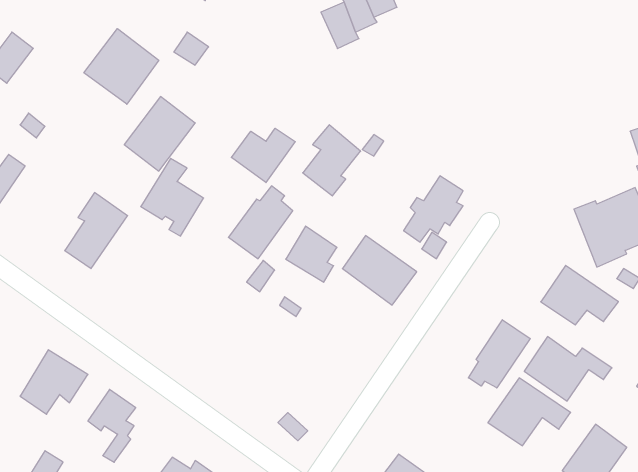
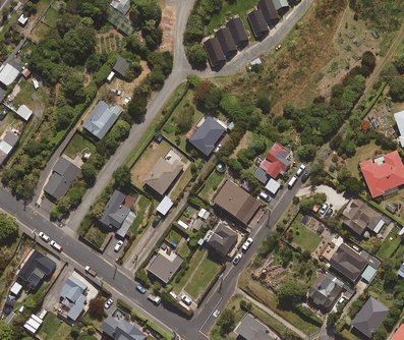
building: [84,29,159,104] -> none
building: [231,128,295,183] -> none
building: [141,158,204,236] -> [97,189,135,237]
building: [286,226,337,282] -> [206,222,237,257]
building: [468,320,530,388] -> none
building: none -> [147,252,182,283]

